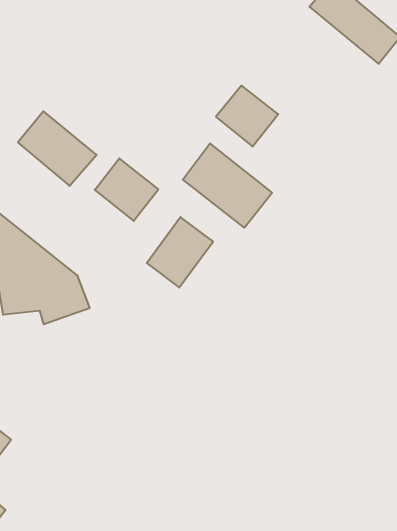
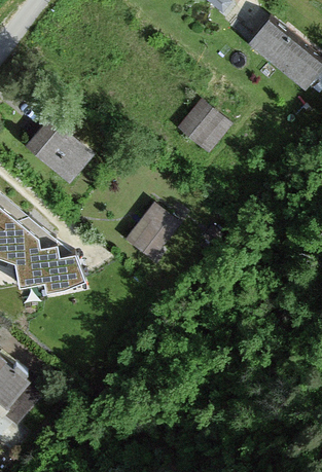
building: [183,143,272,228] -> none
building: [95,158,158,221] -> none

